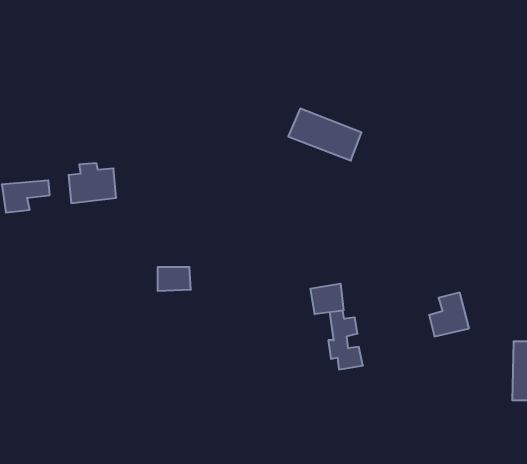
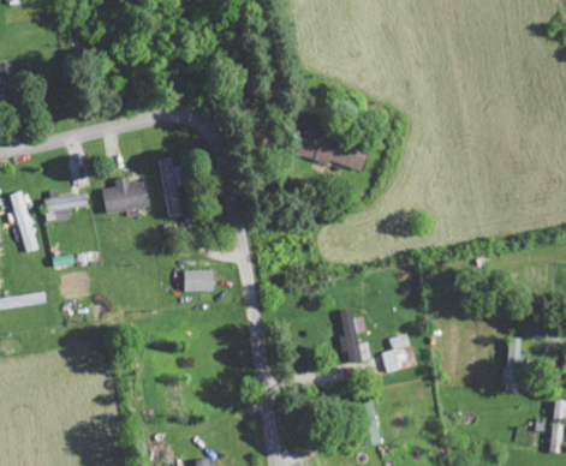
building: none -> [155,156,189,217]
building: [310,284,343,314] -> none
building: [429,293,469,336] -> [380,333,416,372]

